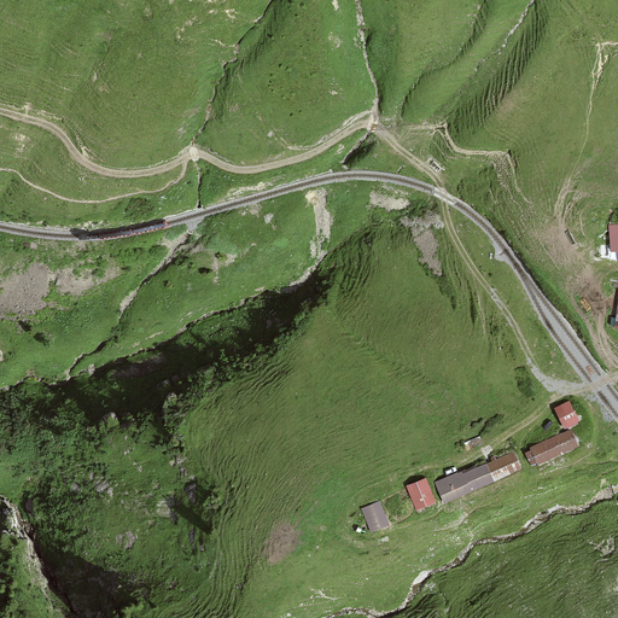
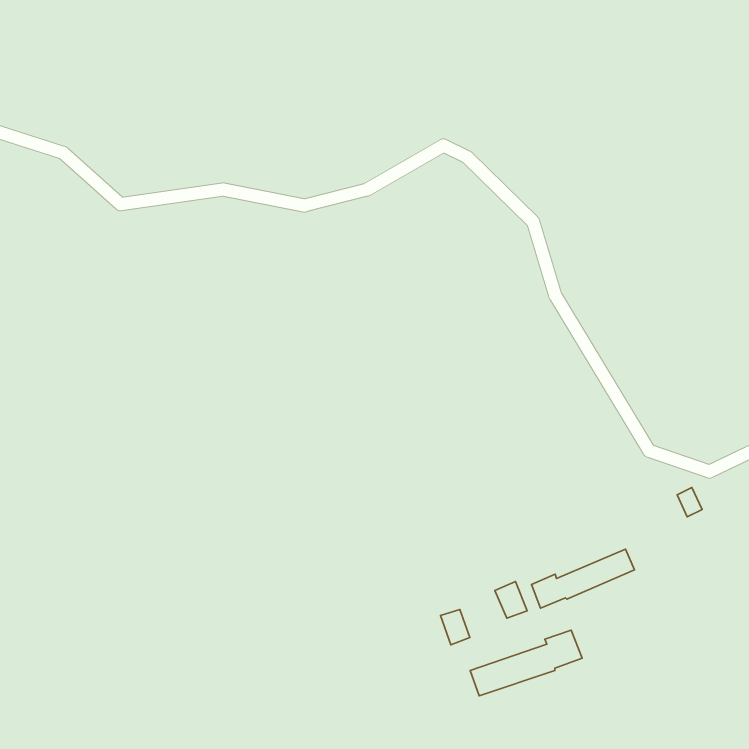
building: [525,427,578,465] -> none
building: none -> [470,630,582,696]

